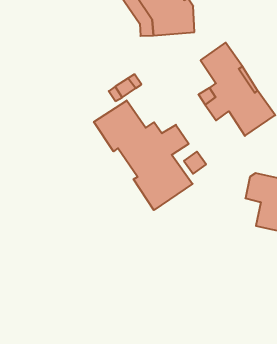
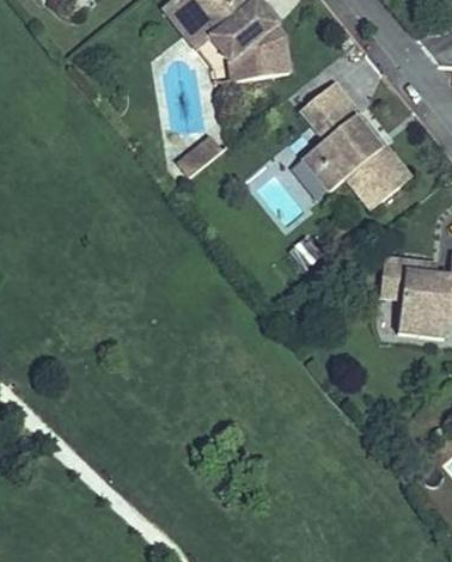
building: [94,100,193,210] -> none

